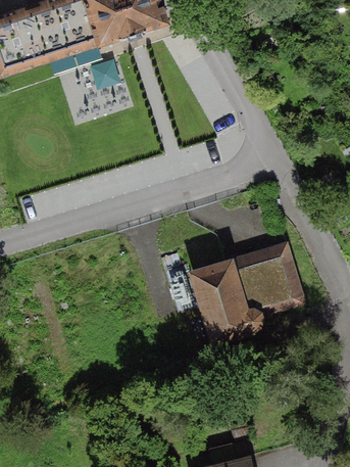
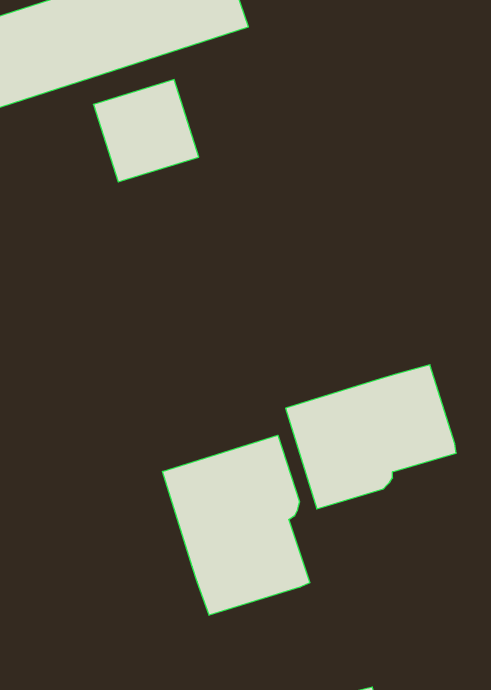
building: none -> [163,435,310,615]

